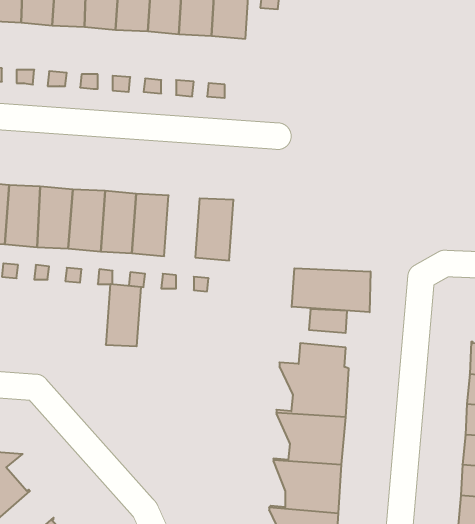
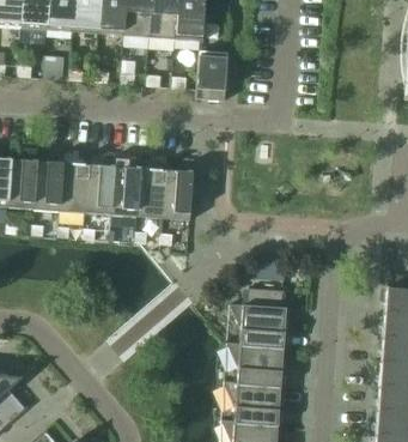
building: none -> [196,49,229,99]
building: [292,268,370,312] -> none
building: [106,284,141,346] -> [138,166,166,217]

